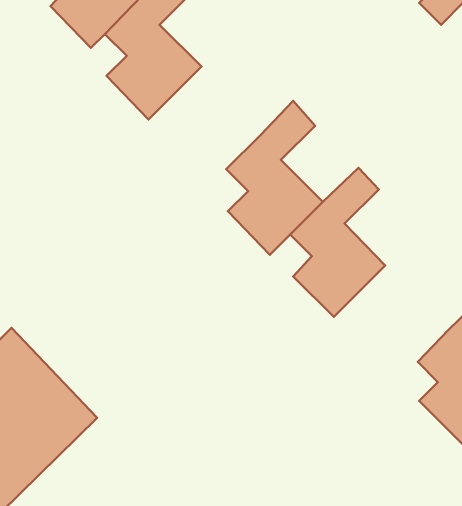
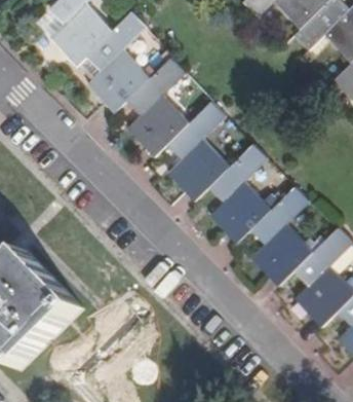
building: none -> [127,57,190,156]
building: none -> [250,185,314,286]

